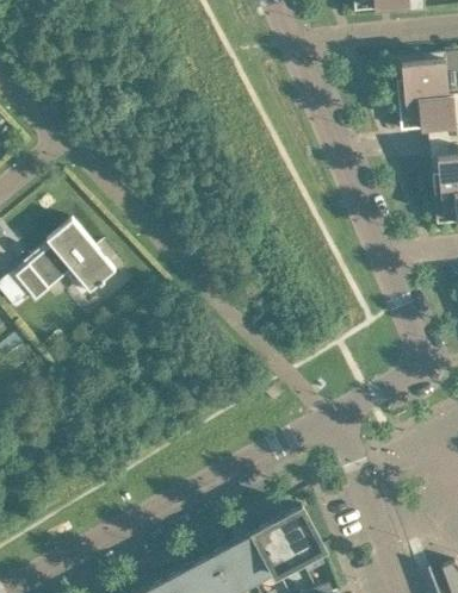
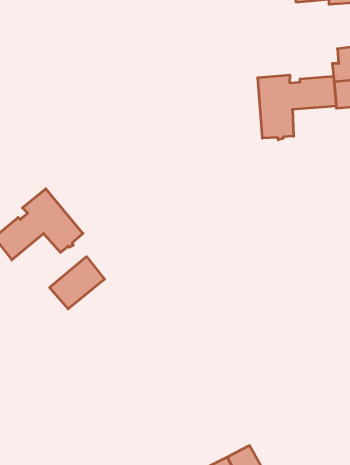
building: none -> [258,75,336,140]
building: none -> [50,257,105,309]

